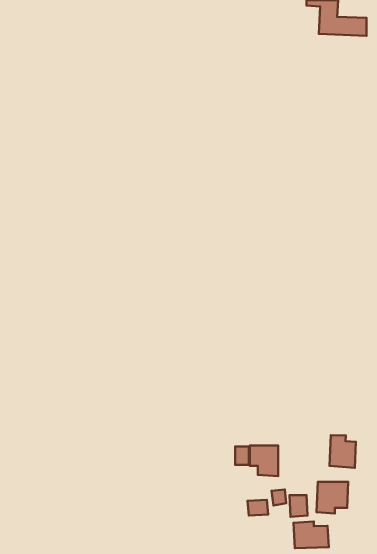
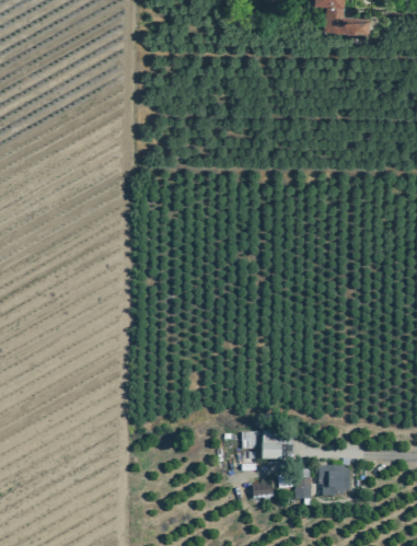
building: [330,435,356,468] -> none
building: [294,521,329,548] -> none

